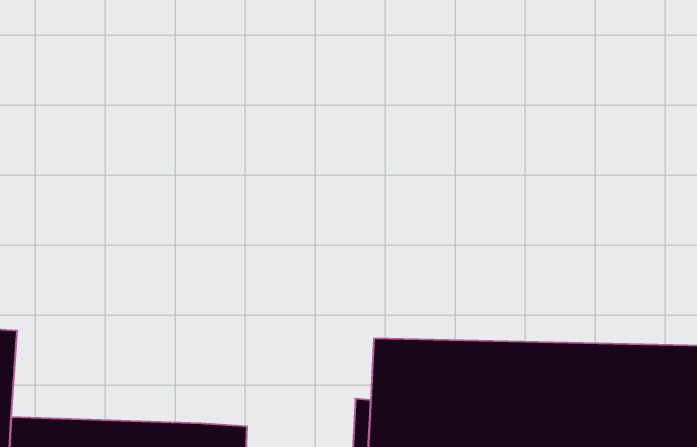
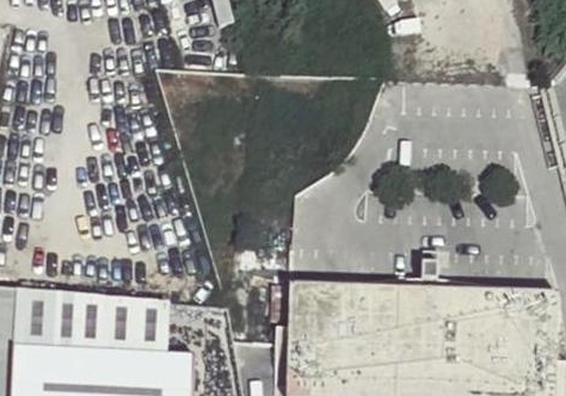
building: none -> [11,281,166,353]

